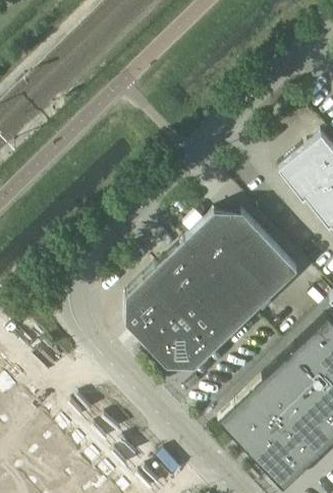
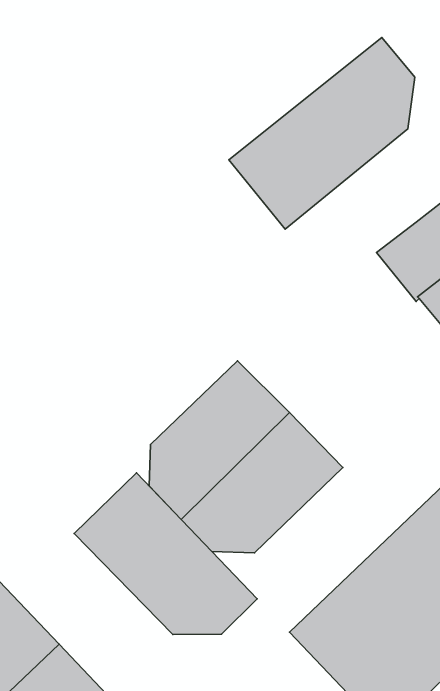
building: none -> [229,37,415,229]
building: [184,214,297,314] -> none
building: none -> [74,473,257,634]

